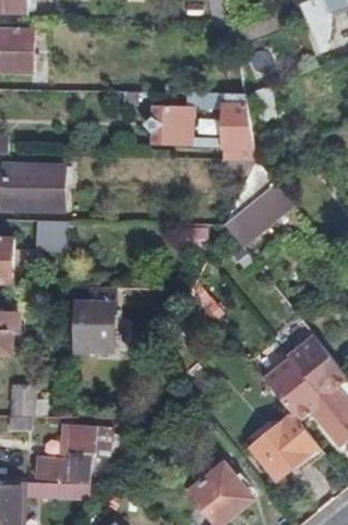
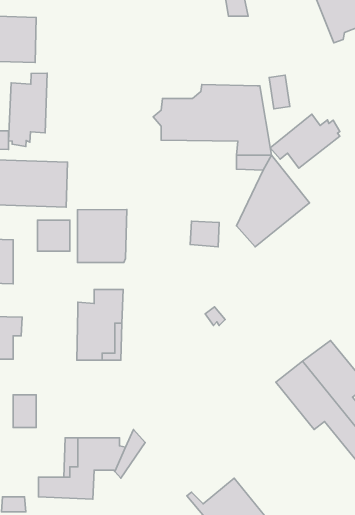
building: none -> [8,73,47,146]
building: none -> [270,114,340,168]
building: none -> [78,210,127,263]
building: [250,413,325,478] -> none

